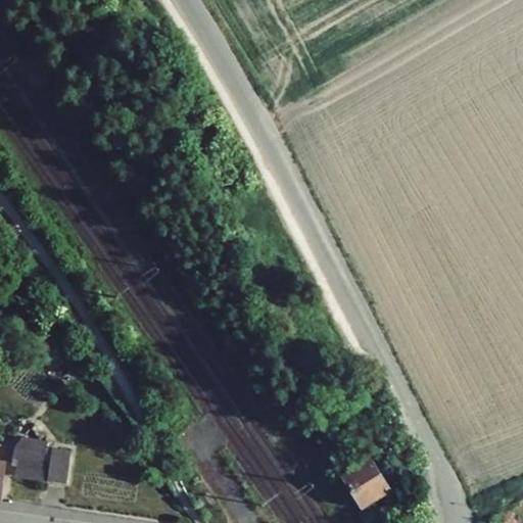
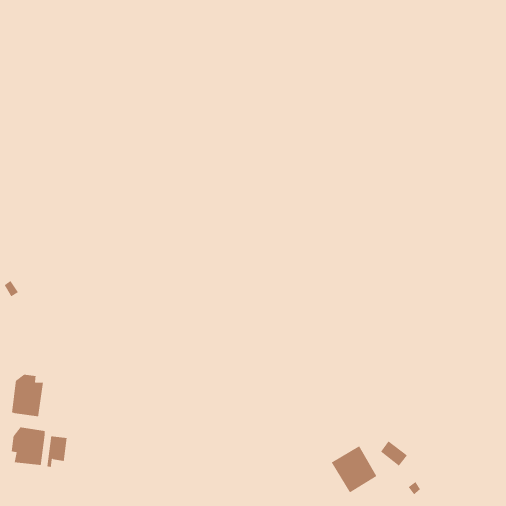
building: none -> [12,374,44,417]

